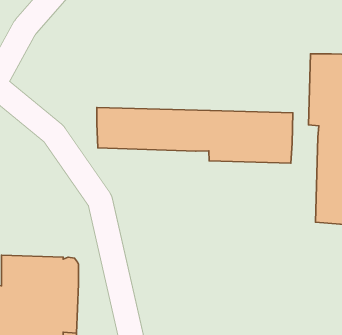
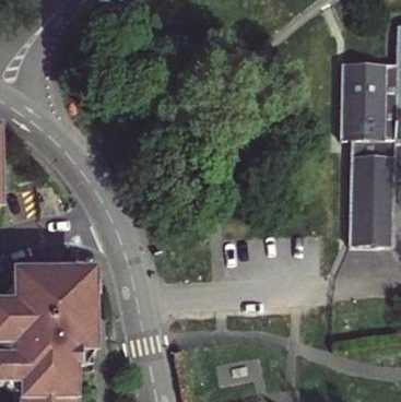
building: [97,107,293,163] -> none

